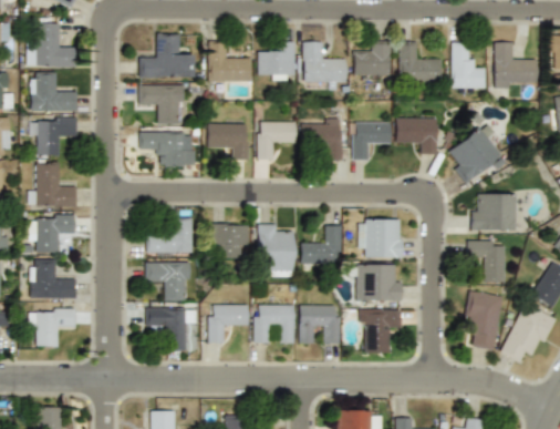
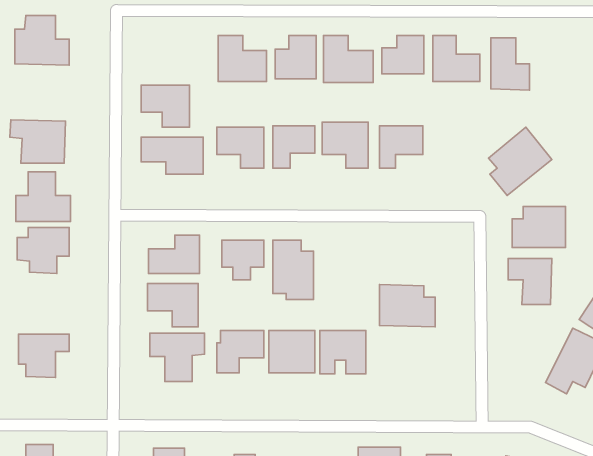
building: [139,34,194,78] -> none
building: [494,43,538,88] -> none
building: [30,72,77,112] -> none
building: [395,118,437,154] -> none
building: [357,218,401,258] -> none
building: [300,225,341,265] -> none
building: [30,261,75,298] -> none
building: [464,290,502,350] -> none
building: [360,309,401,353] -> none

